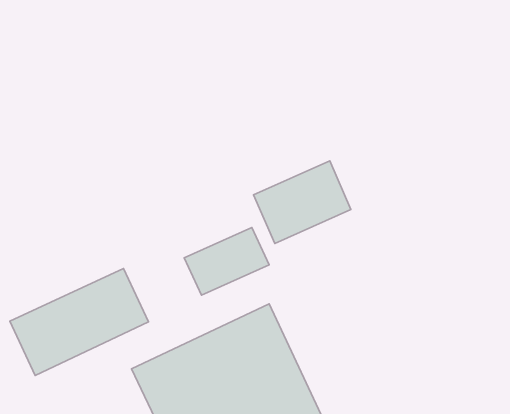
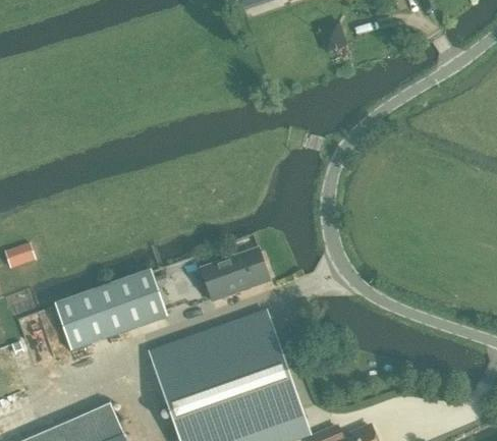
building: [254,161,351,244] -> none

